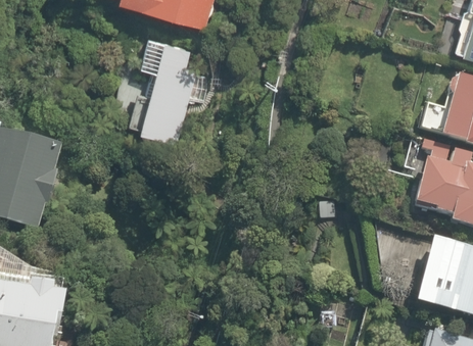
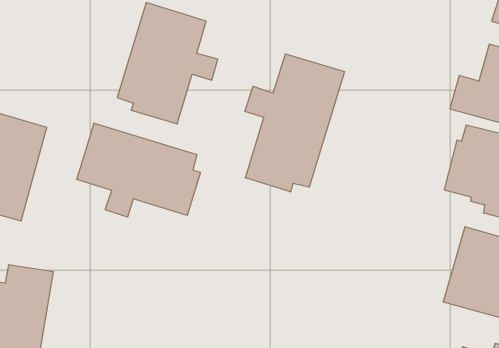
building: none -> [245,54,344,192]
building: none -> [77,123,201,217]

